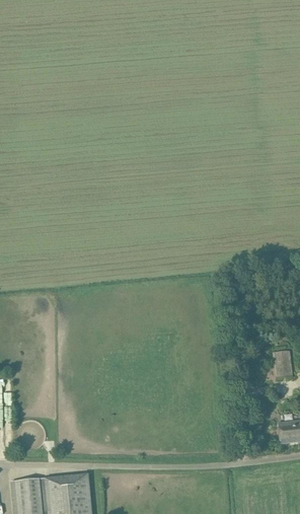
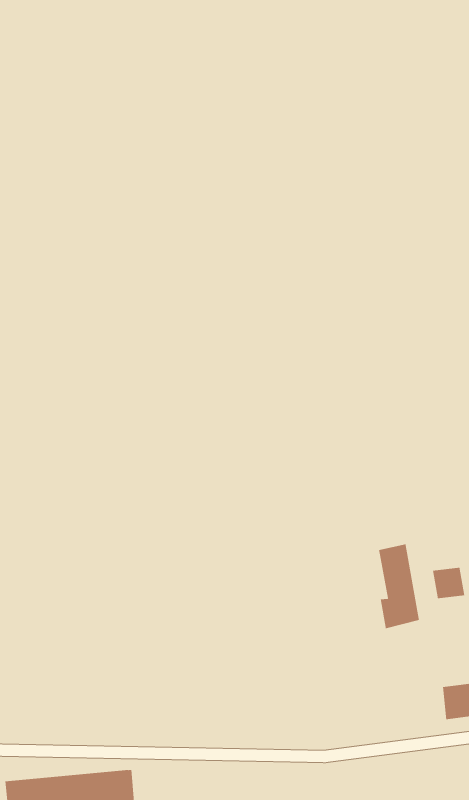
building: none -> [379,544,419,629]

